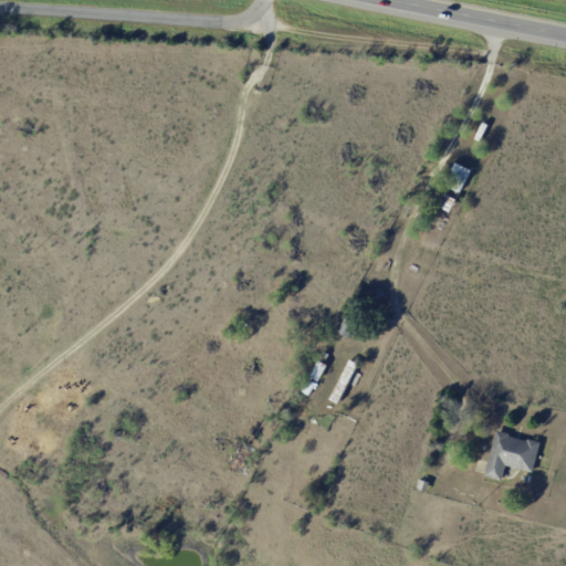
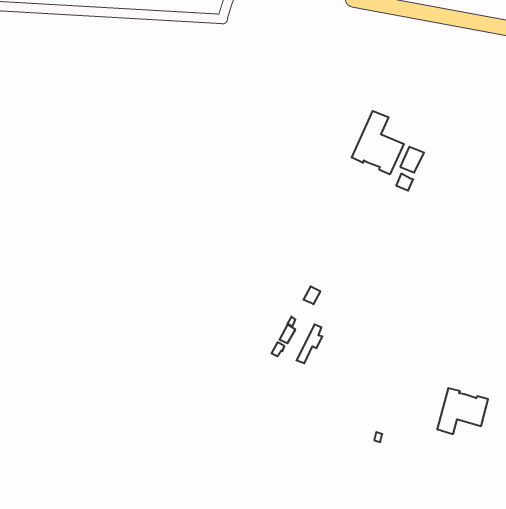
building: none -> [352,111,404,174]

